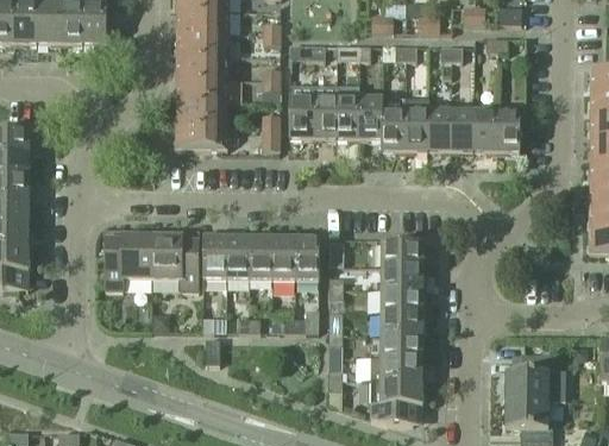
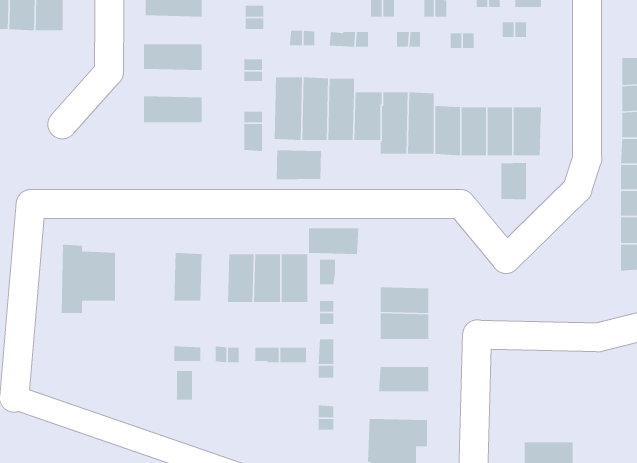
building: [176,32,227,56] -> none
building: [176,78,227,102] -> none
building: [176,125,227,149] -> none
building: none -> [276,149,322,180]
building: none -> [500,162,527,200]
building: [152,231,199,291] -> none
building: [226,238,250,281] -> none
building: [381,244,425,268] -> [308,227,359,255]
building: [381,313,423,335] -> none
building: [506,354,553,401] -> none
building: [371,358,423,382] -> none

